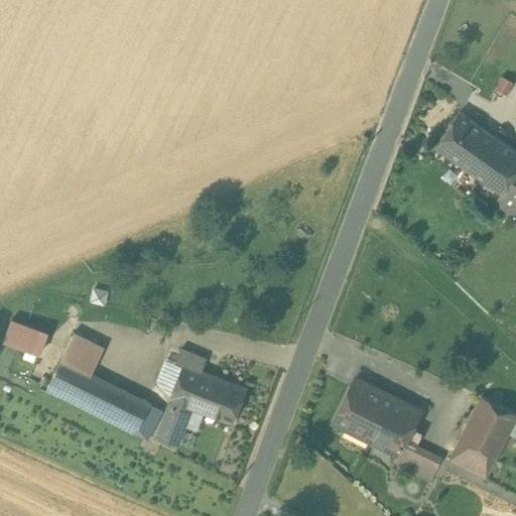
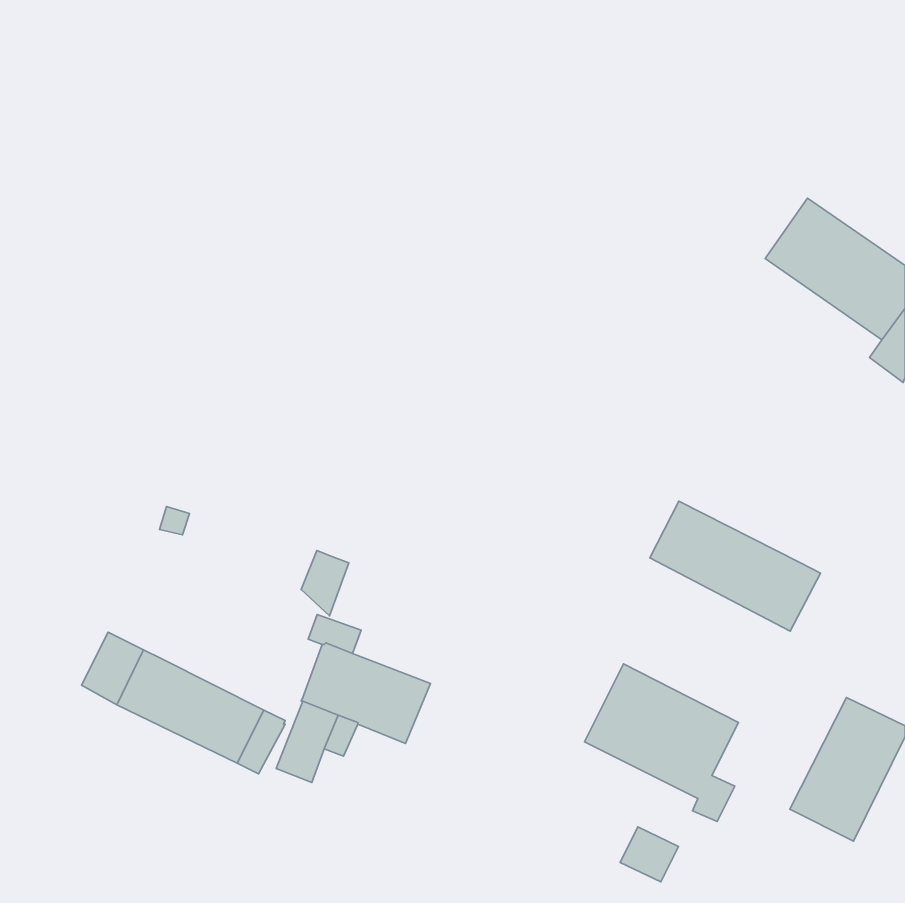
building: none -> [650,501,821,631]
building: [4,319,47,356] -> none
building: [61,333,105,375] -> none
building: [156,360,183,397] -> [301,550,349,616]
building: [408,447,441,479] -> [620,827,679,882]

